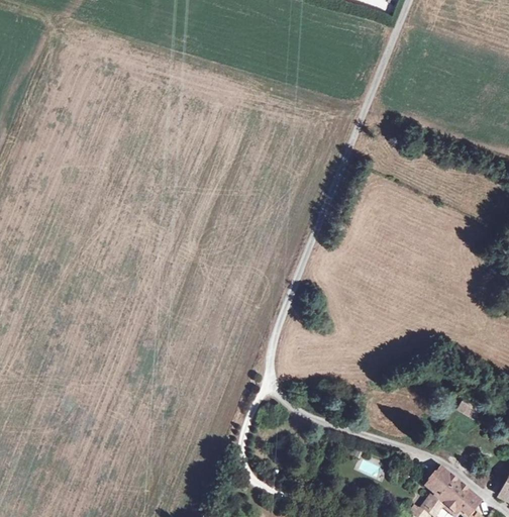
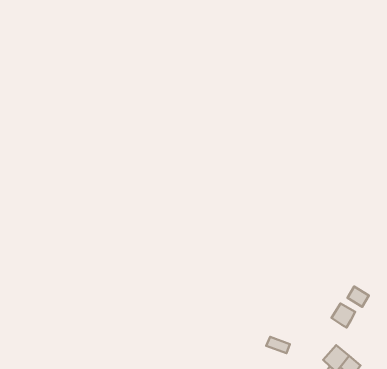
building: none -> [332,304,355,328]

